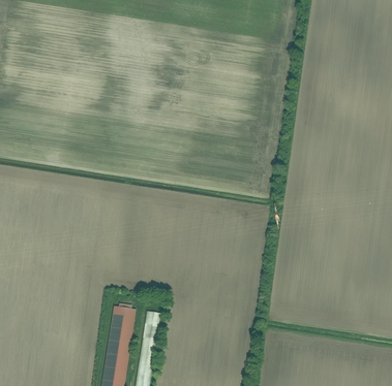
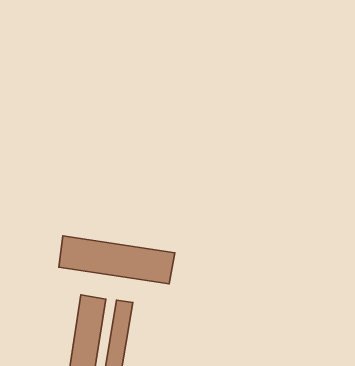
building: none -> [59,236,175,284]

